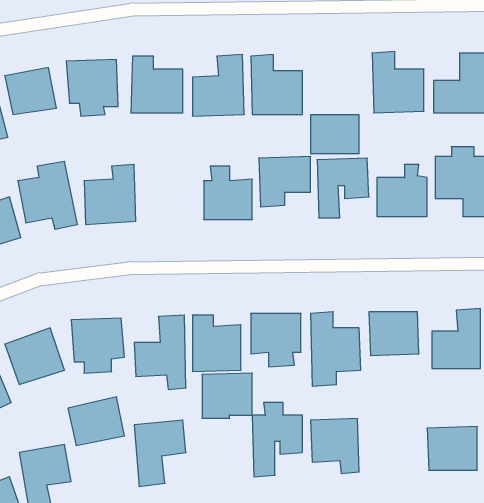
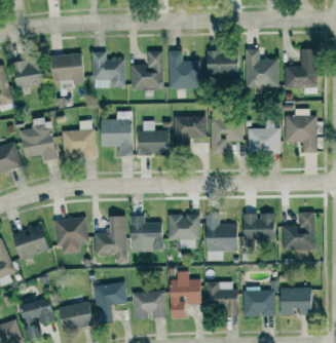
building: [311,115,359,154] -> [208,50,238,75]
building: none -> [101,111,133,154]
building: [202,373,252,418] -> [134,291,165,319]
building: [68,397,125,445] -> [59,300,95,331]
building: none -> [244,289,275,316]

